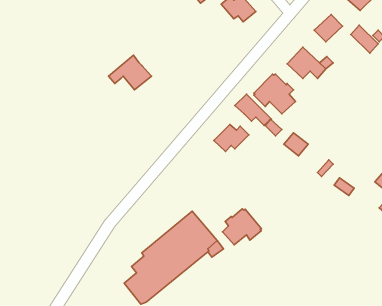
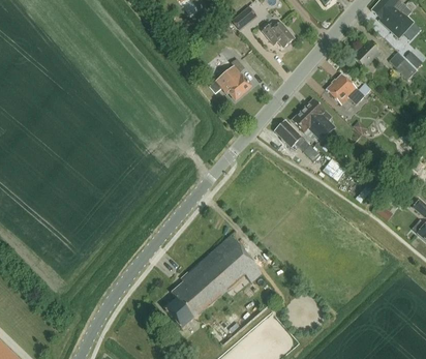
building: [109,55,151,90] -> [209,64,251,98]
building: [214,125,249,152] -> none
building: [222,209,261,245] -> none

